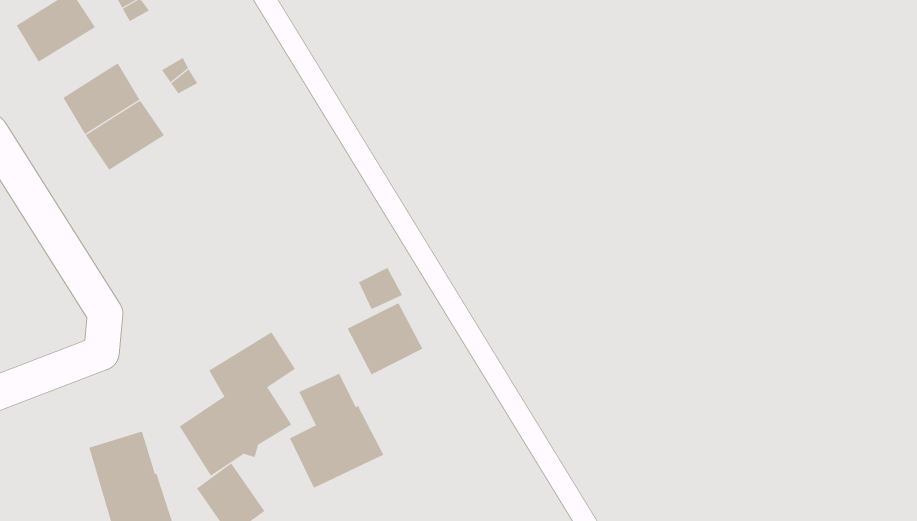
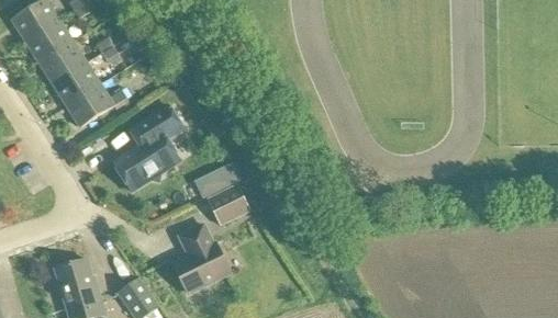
building: none -> [24,20,71,61]
building: none -> [66,83,125,126]
building: [179,332,296,477] -> [112,105,181,191]

